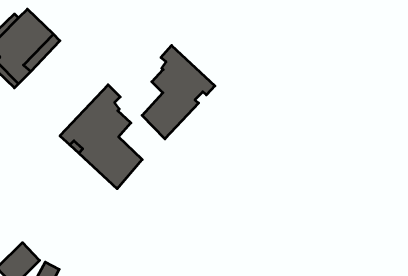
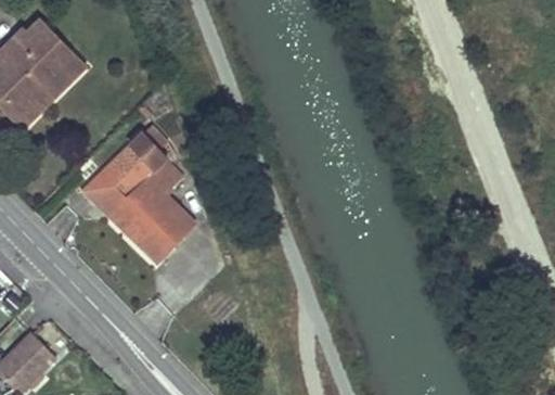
building: [142,45,215,139] -> none

